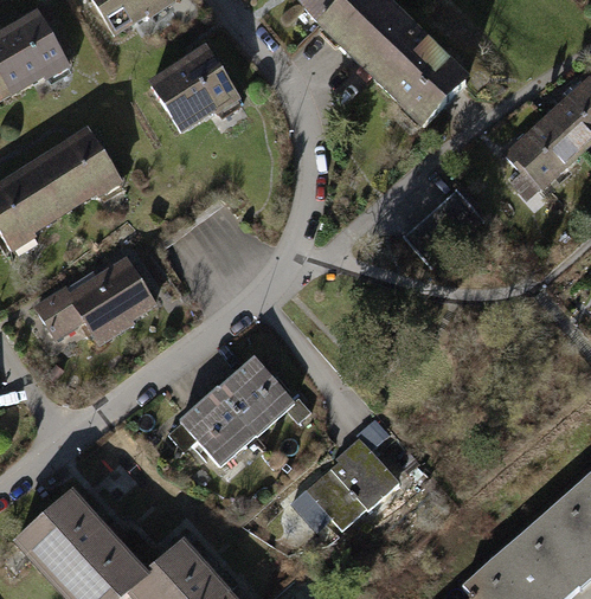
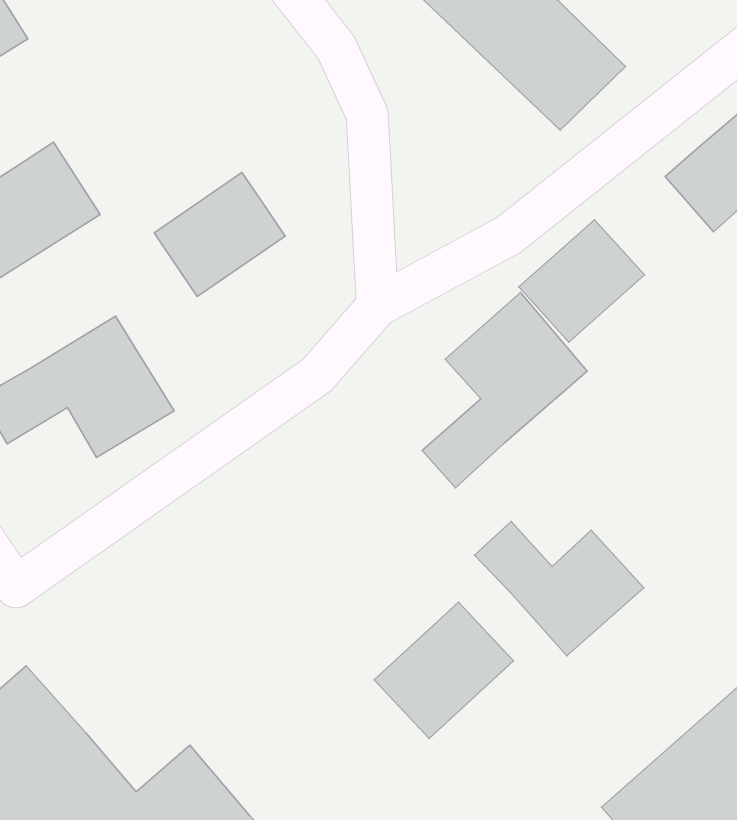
building: [143,43,233,128] -> [154,173,285,297]
building: none -> [422,293,587,488]
building: [181,354,296,466] -> none
building: none -> [475,522,644,656]

